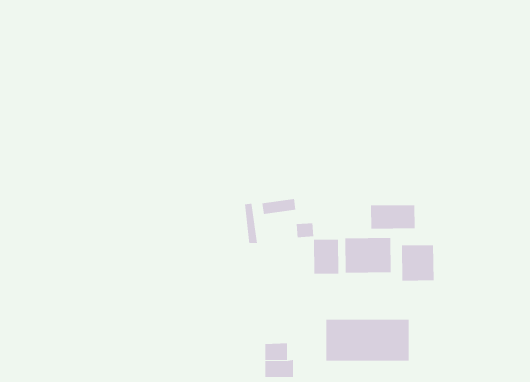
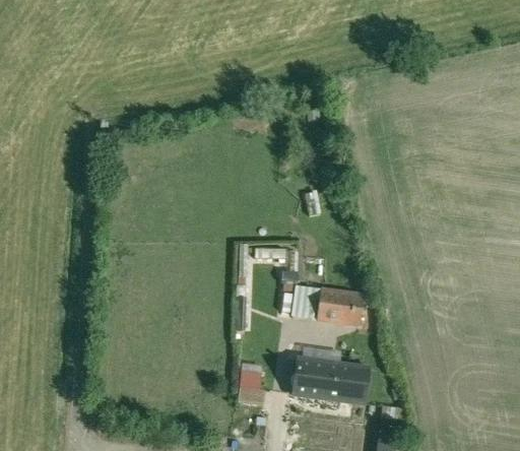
building: [371,204,415,230] -> none
building: [401,244,434,281] -> none

